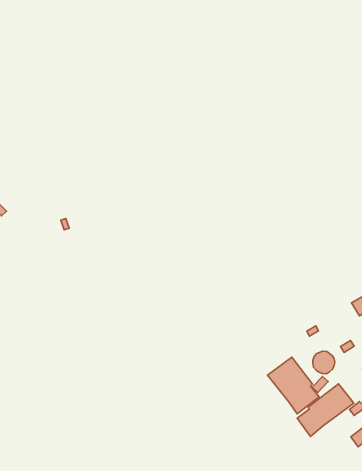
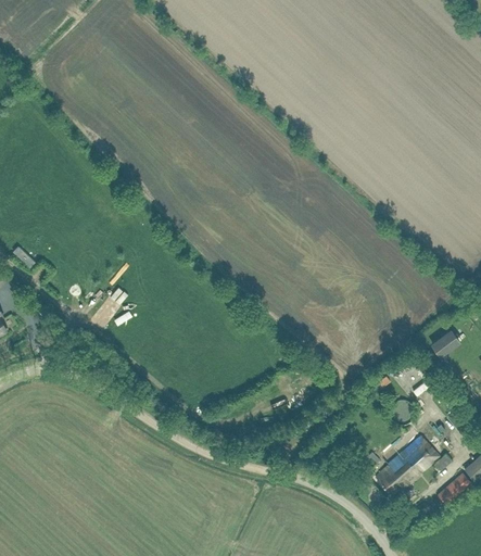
building: [268,357,319,414] -> none

